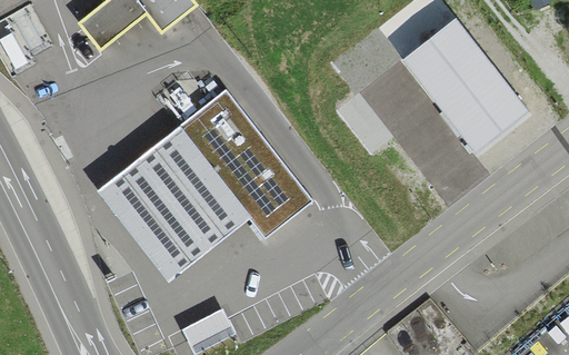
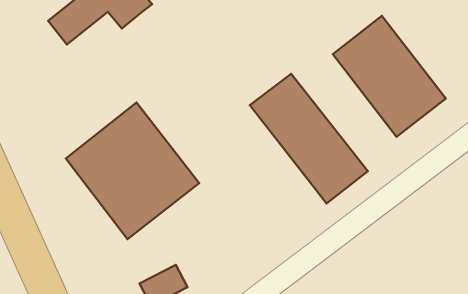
building: [179,88,312,235] -> [250,74,368,204]

